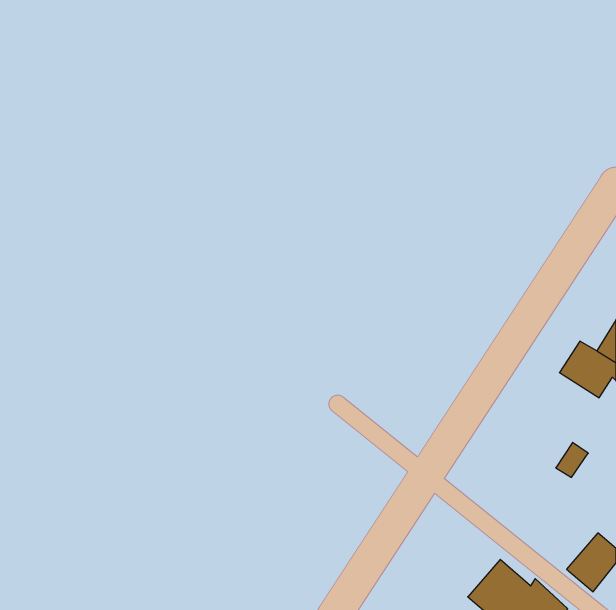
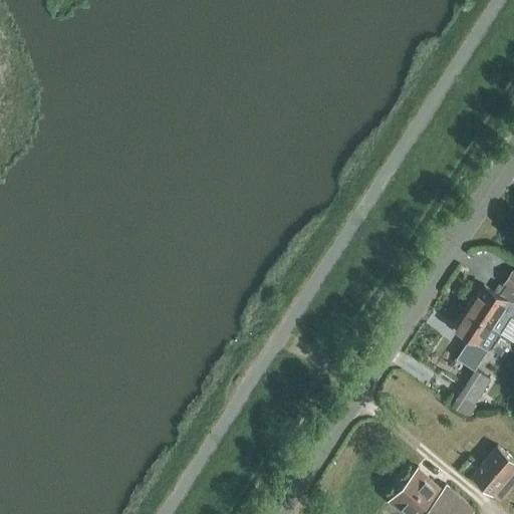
building: none -> [456,315,499,372]

